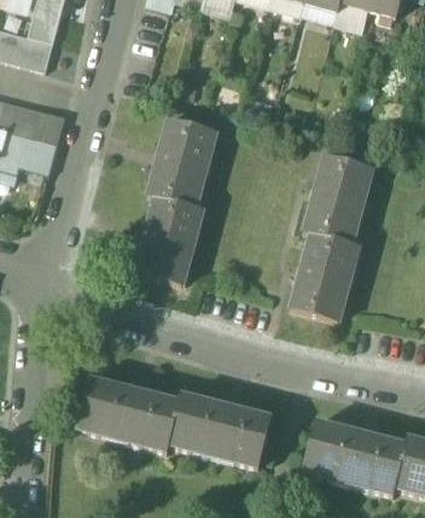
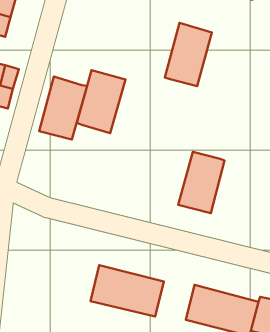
building: [304,155,371,244] -> [165,23,212,86]
building: [134,196,202,285] -> [39,77,87,140]
building: [76,383,176,450] -> none

